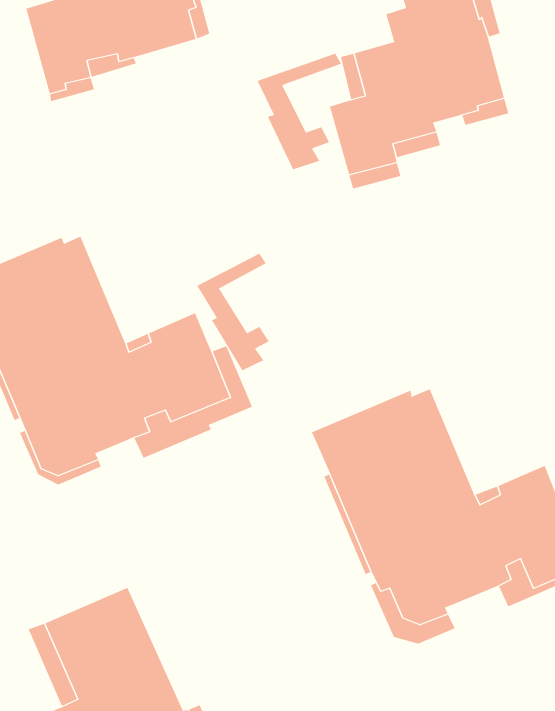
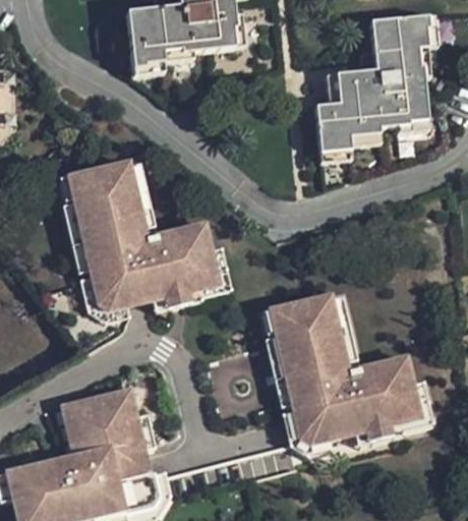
building: [257,53,342,170] -> none
building: [197,253,269,371] -> none

